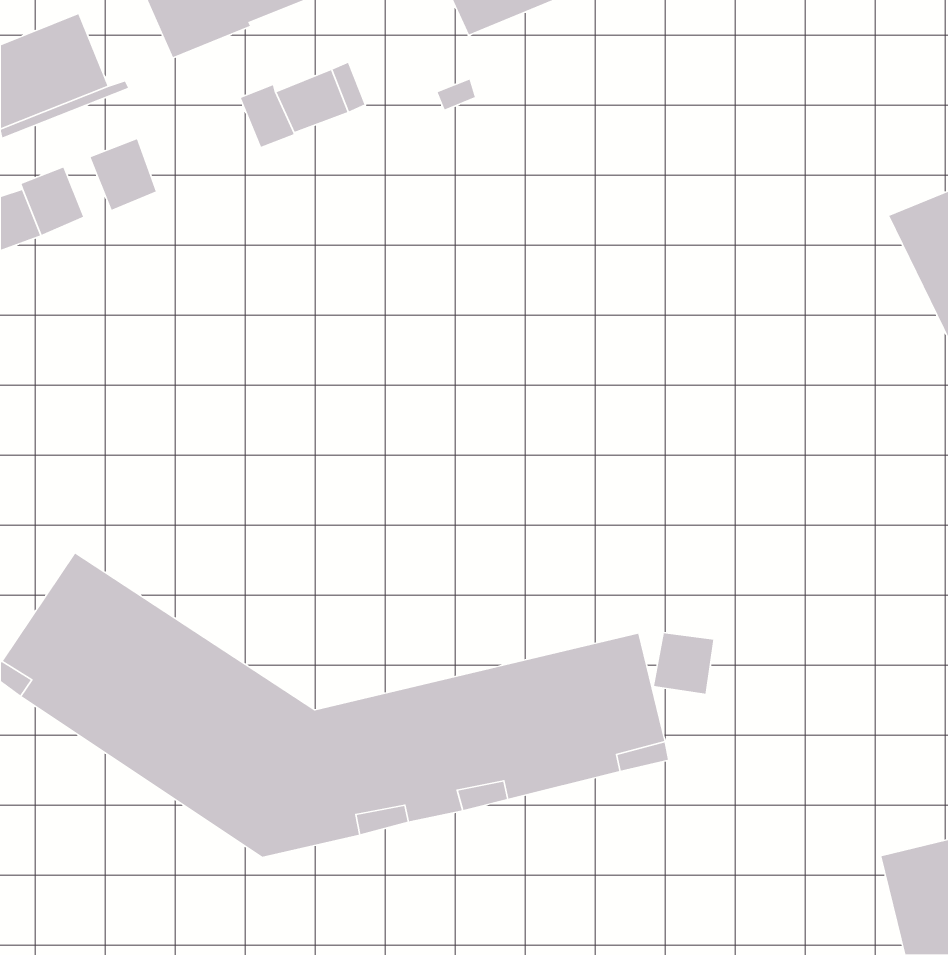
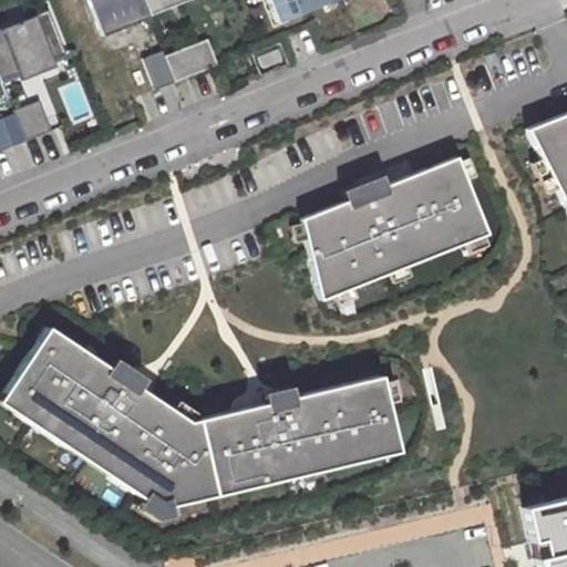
building: [89,138,157,211] -> none
building: none -> [305,156,489,298]
building: [653,633,714,695] -> none

